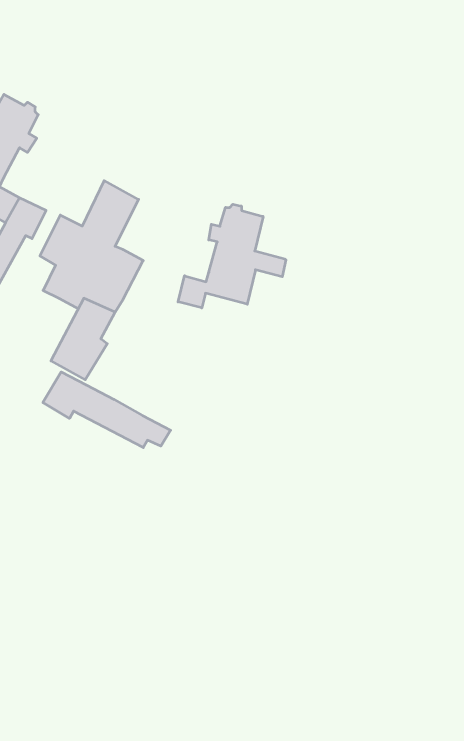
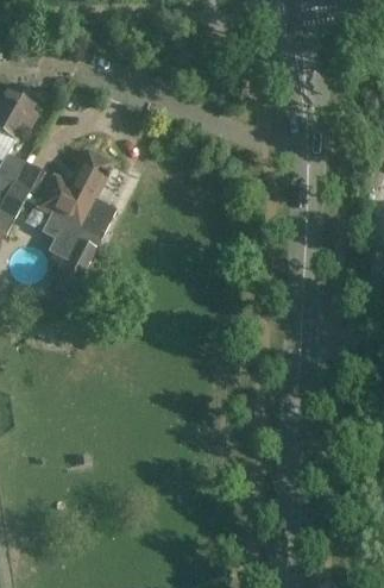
building: [178,204,286,308] -> none
building: [43,372,171,448] -> none

